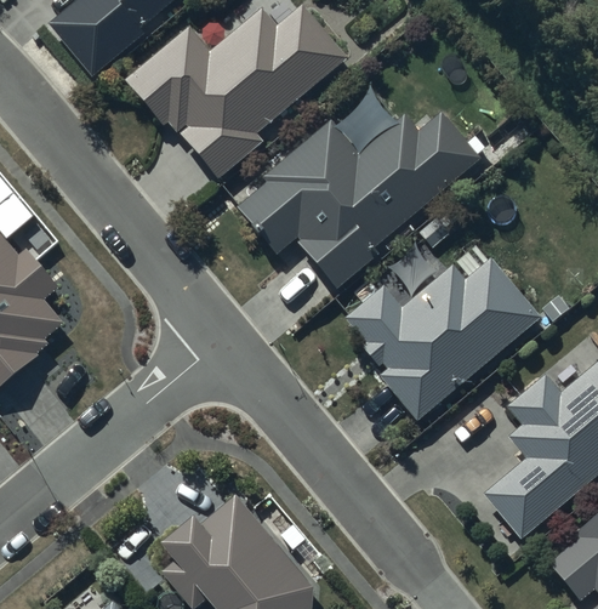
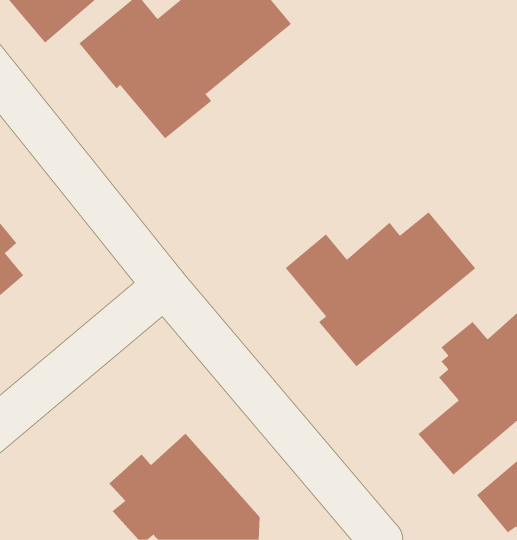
building: [237,106,482,291] -> none

